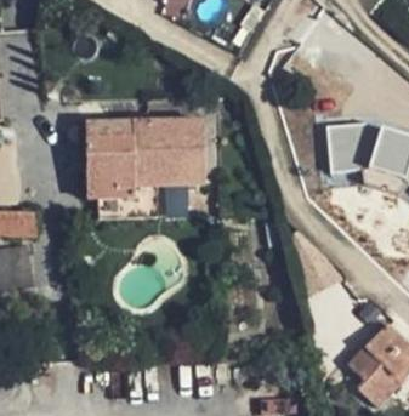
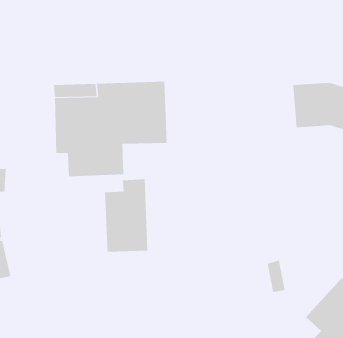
building: none -> [105,178,148,252]

